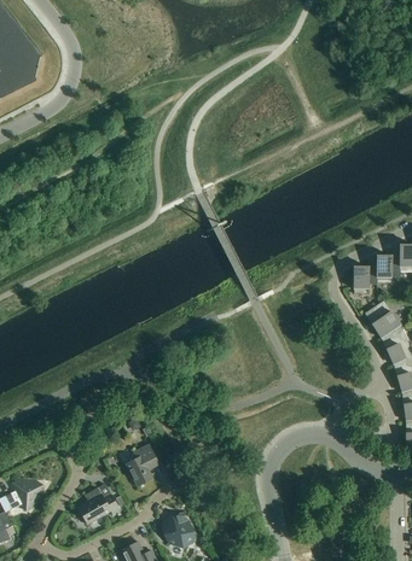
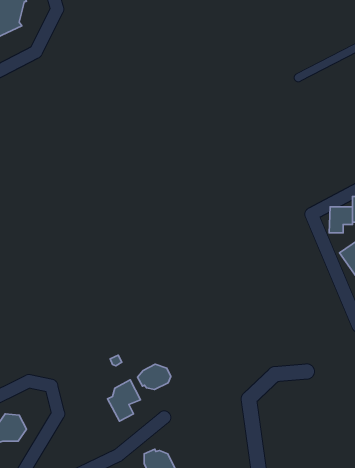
building: none -> [137,364,171,390]
building: [77,486,120,524] -> none

